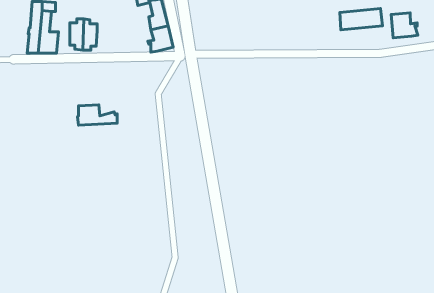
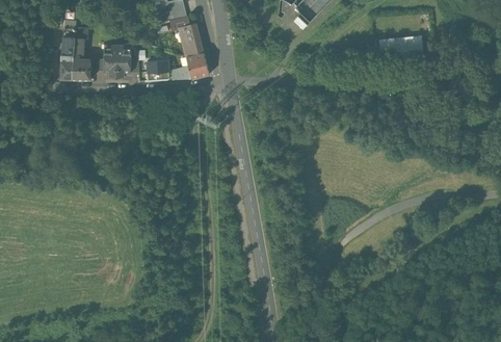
building: [391,13,418,38] -> none
building: [78,105,117,125] -> [144,61,185,82]

